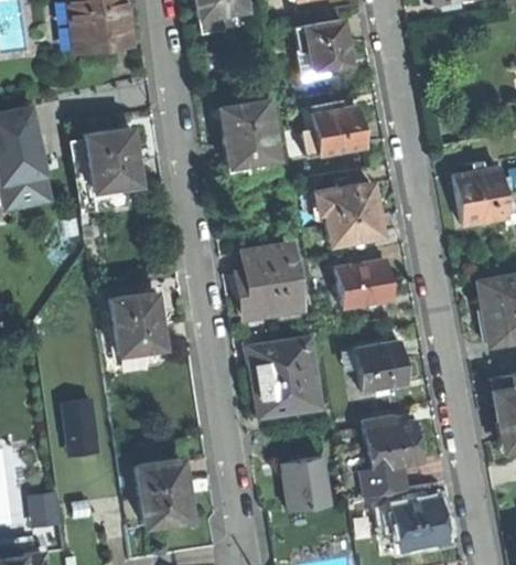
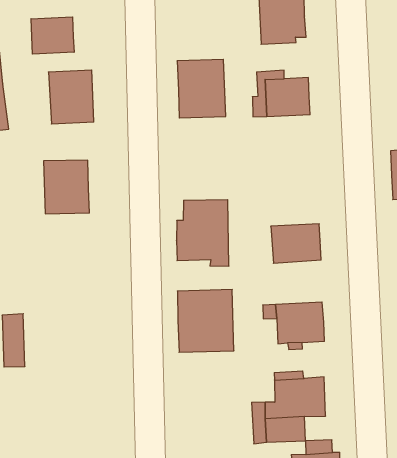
building: none -> [31,17,74,54]
building: [316,182,381,242] -> none
building: [110,291,165,353] -> [44,160,89,214]
building: [275,455,326,509] -> none
building: [138,458,192,523] -> none

